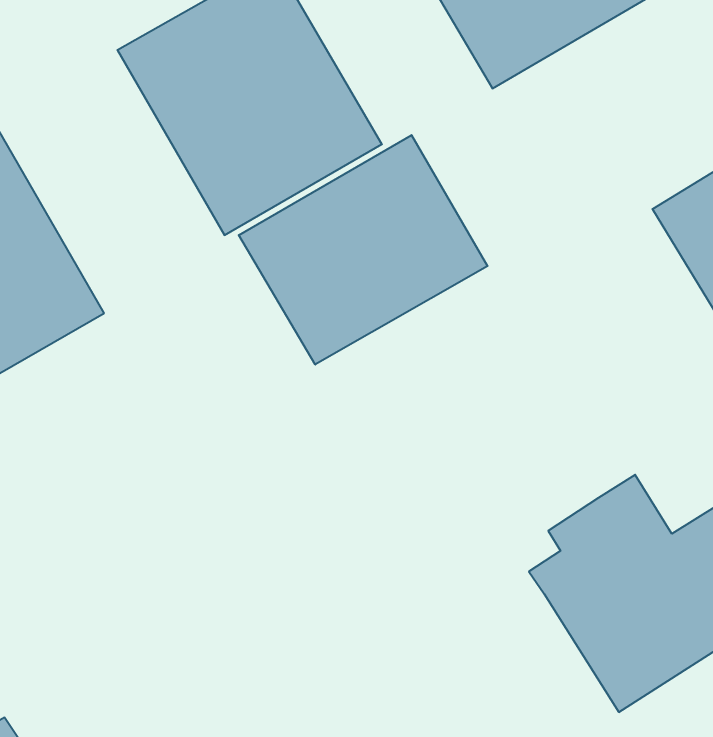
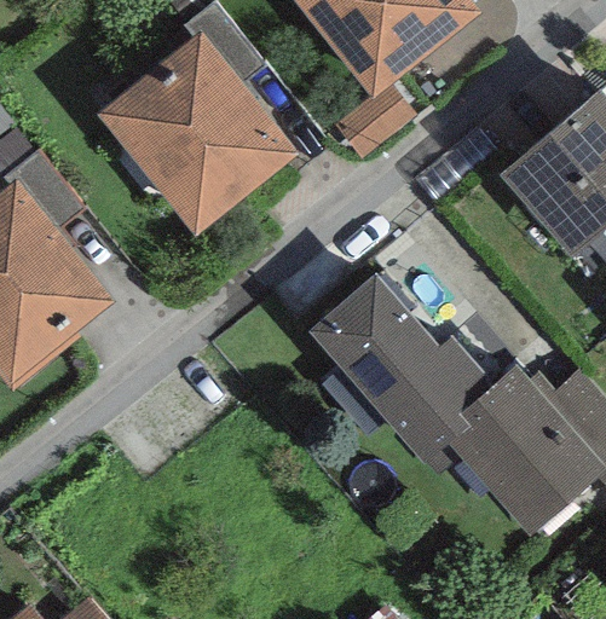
building: [239,135,488,365] -> none
building: none -> [306,270,491,479]

